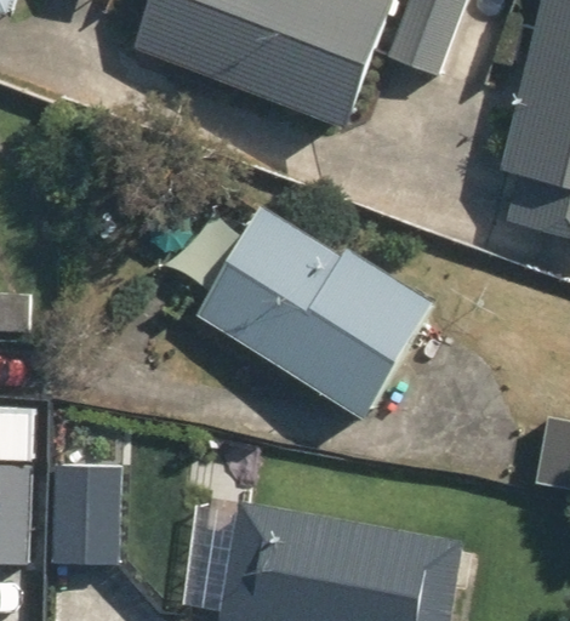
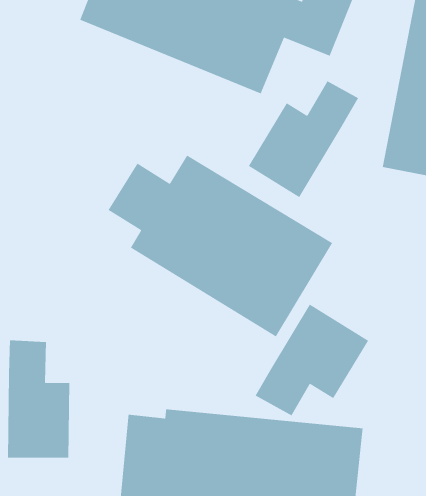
building: none -> [248,80,359,198]
building: none -> [255,304,369,417]

